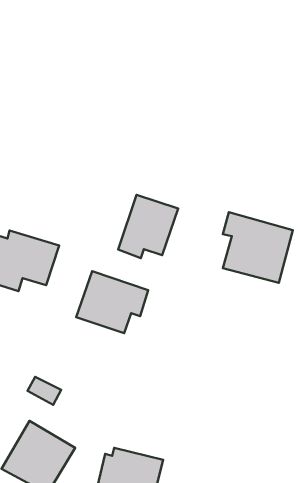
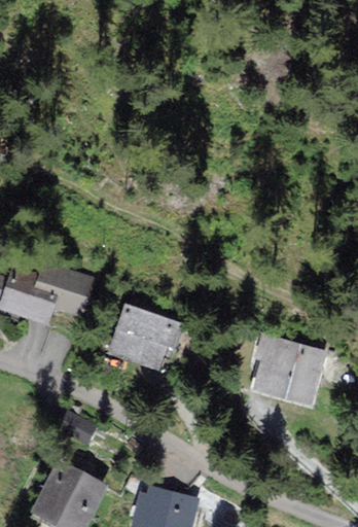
building: [118,195,178,258] -> none
building: [223,212,293,283] -> [255,335,327,408]

